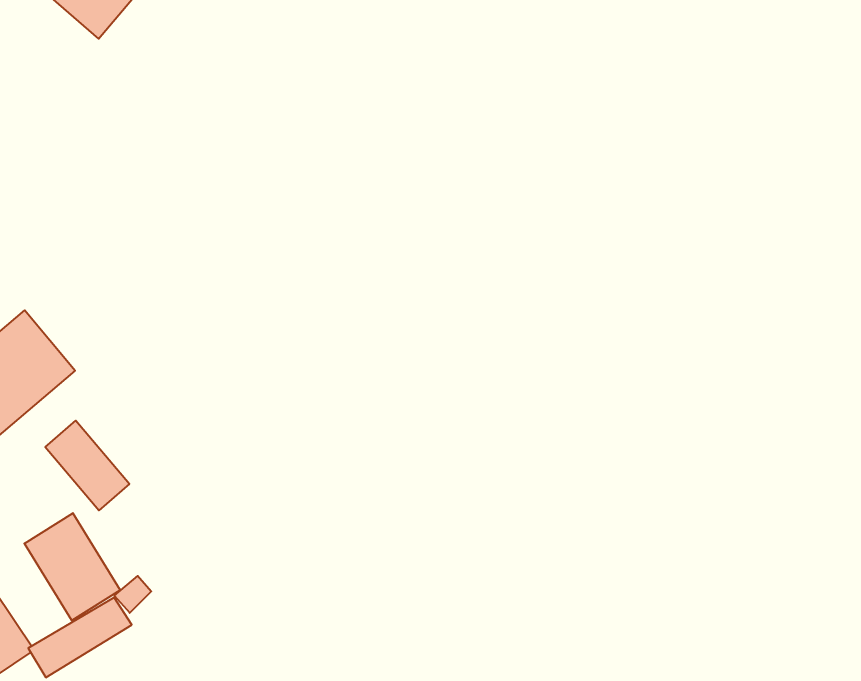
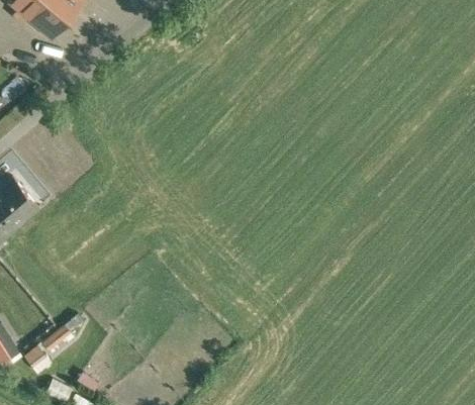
building: [45,421,129,510] -> none
building: [24,513,120,621] -> none

